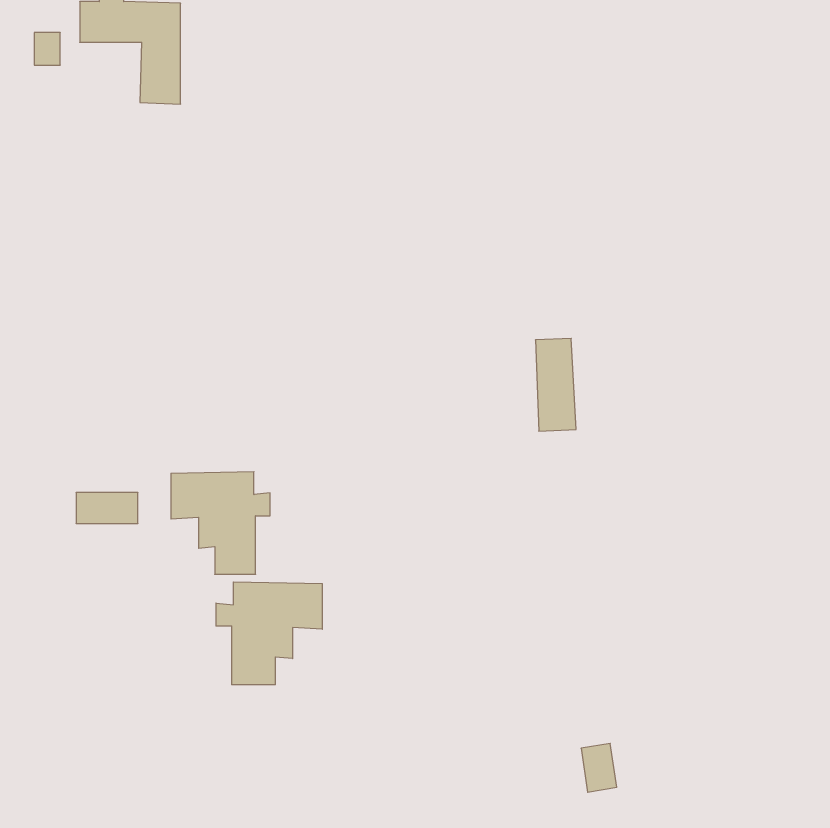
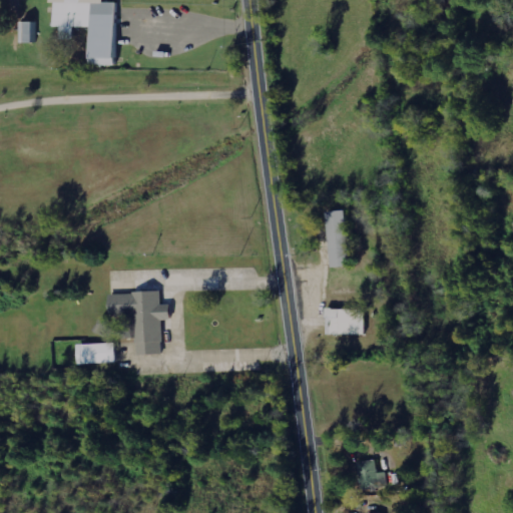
building: [76,493,138,523] -> [73,344,111,363]
building: none -> [329,307,367,333]
building: [216,582,322,685] -> none

